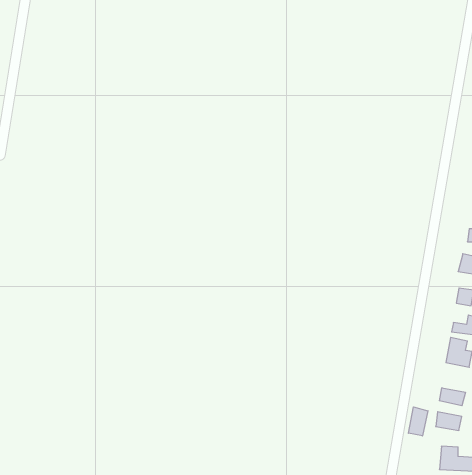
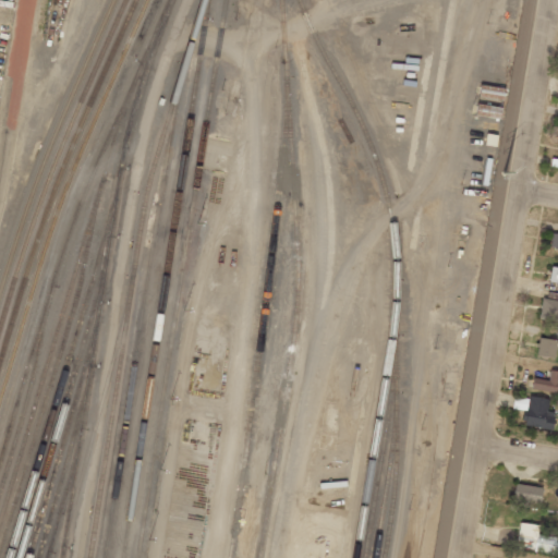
building: [439,388,465,406] -> none
building: [408,407,428,436] -> none

